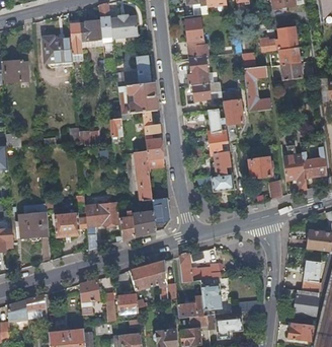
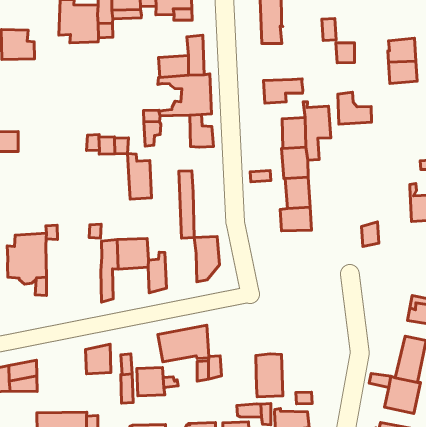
building: [259,24,298,51] -> none
building: [187,55,213,84] -> none
building: [244,64,267,89] -> none
building: [144,134,163,166] -> [128,153,152,199]
building: [282,139,307,190] -> none
building: [248,155,271,178] -> none
building: [131,210,155,236] -> none
building: [55,212,86,236] -> none
building: [178,254,221,282] -> none
building: [176,294,202,317] -> none

